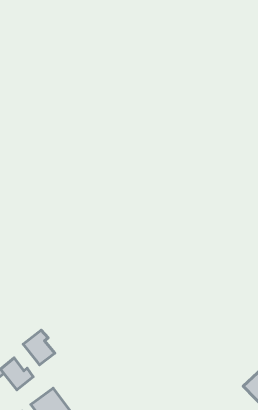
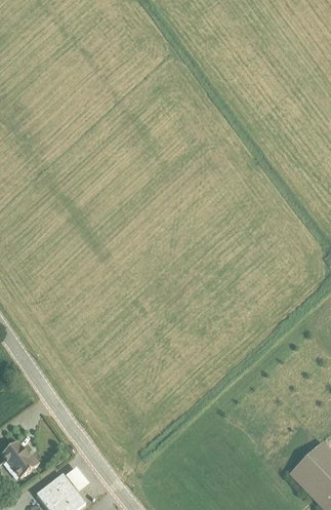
building: [23,330,55,365] -> none

